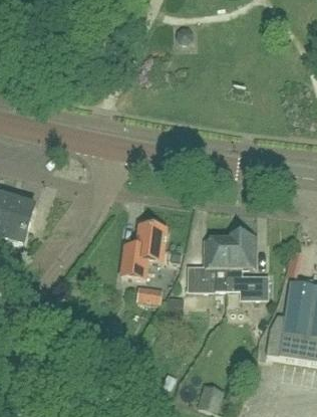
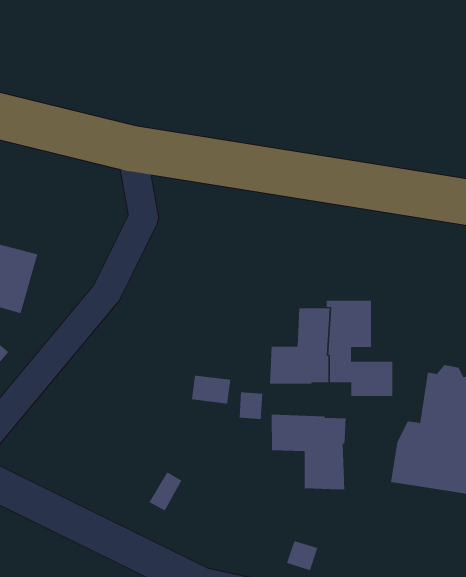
building: [121,223,167,276] -> none
building: none -> [271,414,346,490]

